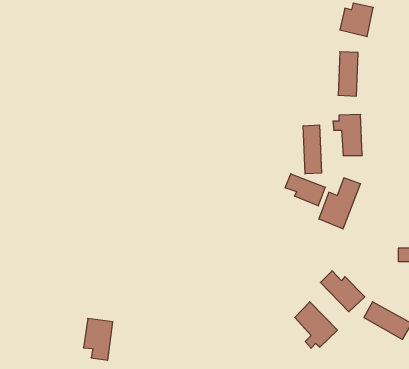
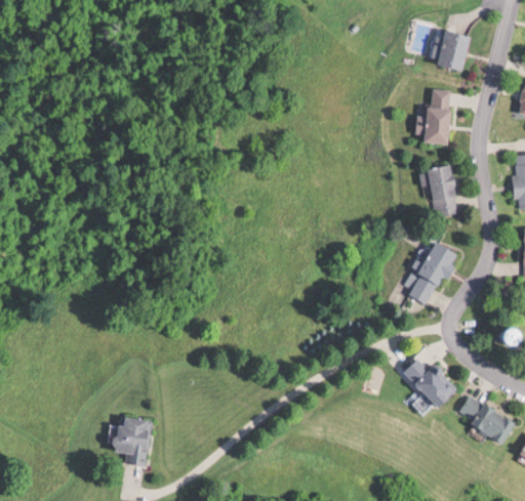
building: [303,125,321,174] -> none
building: [285,174,325,206] -> none
building: [295,302,337,348] -> none

